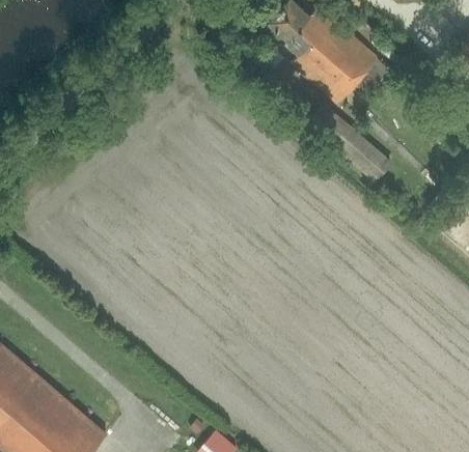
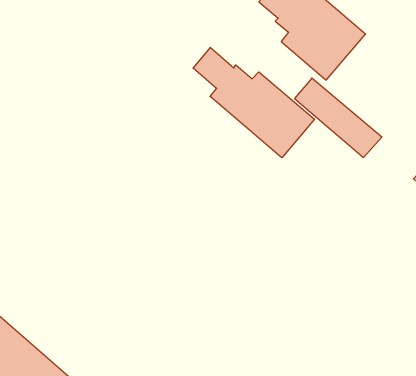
building: none -> [193,47,314,158]

